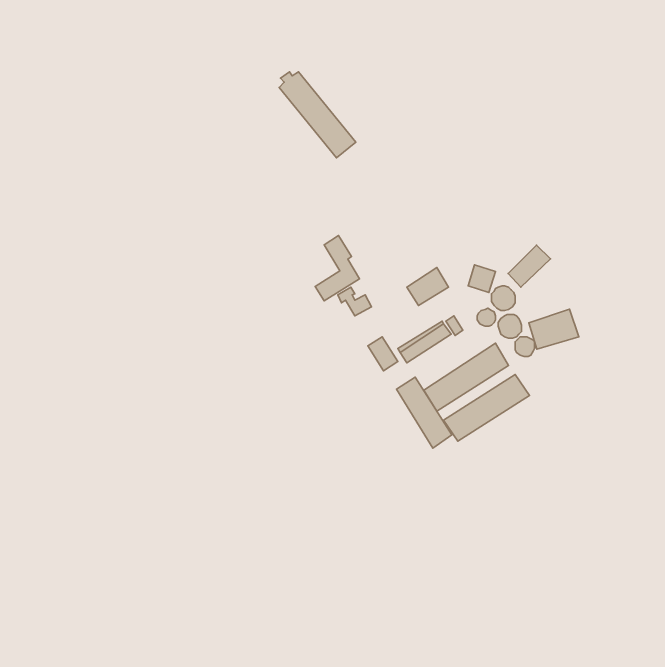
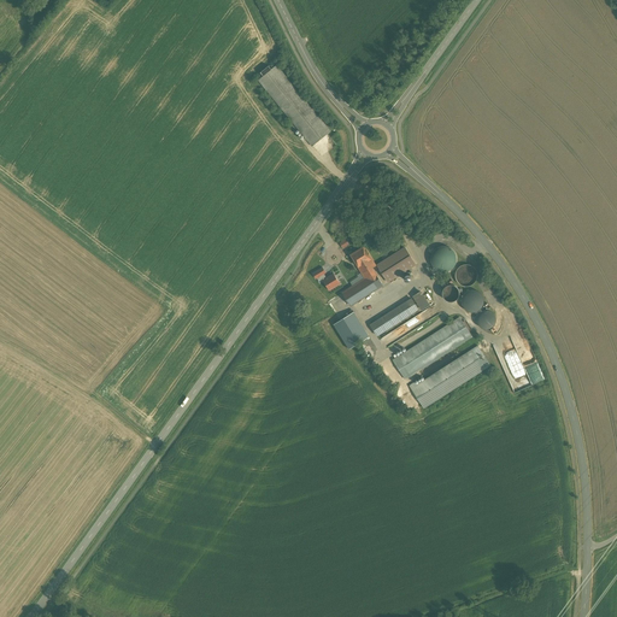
building: [315,236,359,301] -> [341,246,382,306]
building: [508,245,551,287] -> none
building: [529,309,579,349] -> none
building: [396,377,452,448] -> none

